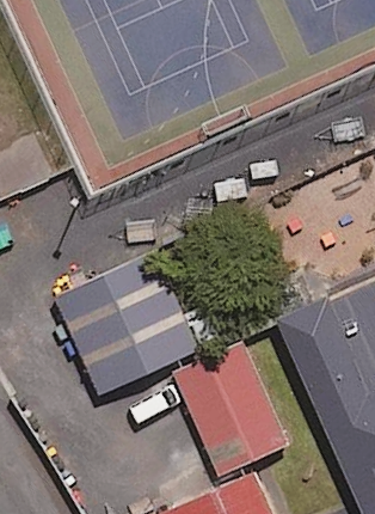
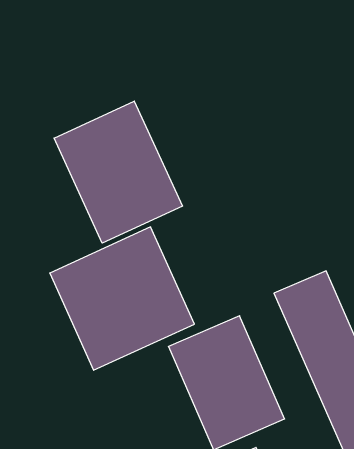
building: none -> [54,101,182,243]

